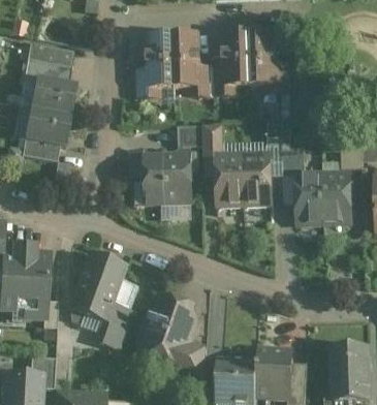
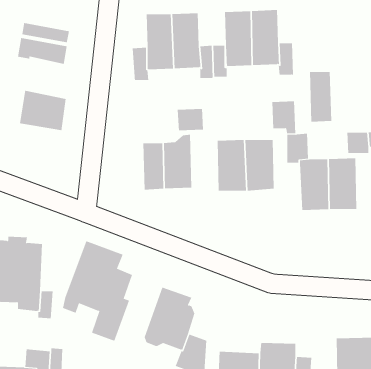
building: [30,75,75,116] -> none
building: none -> [309,71,332,123]
building: [201,124,224,151] -> none
building: [23,139,61,162] -> none

